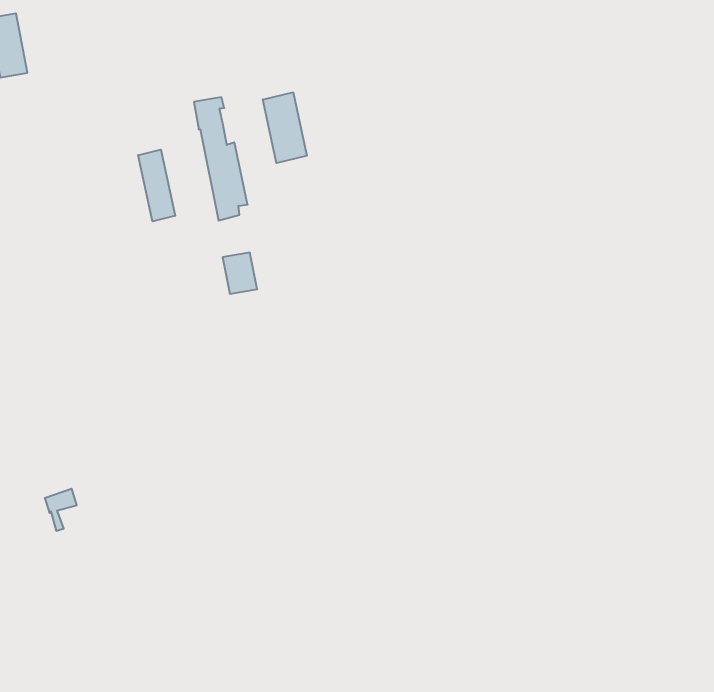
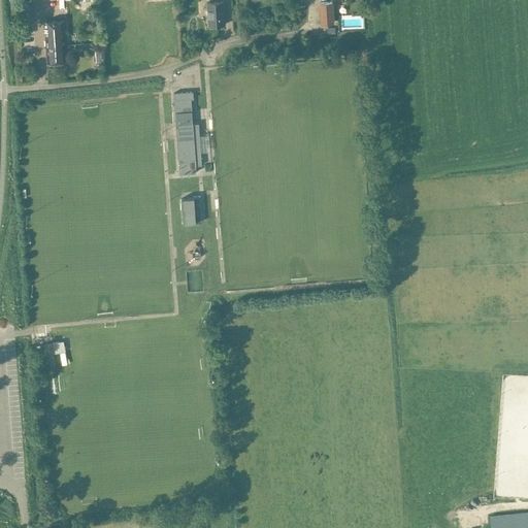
building: [263,92,307,163] -> none
building: [138,150,175,221] -> none

